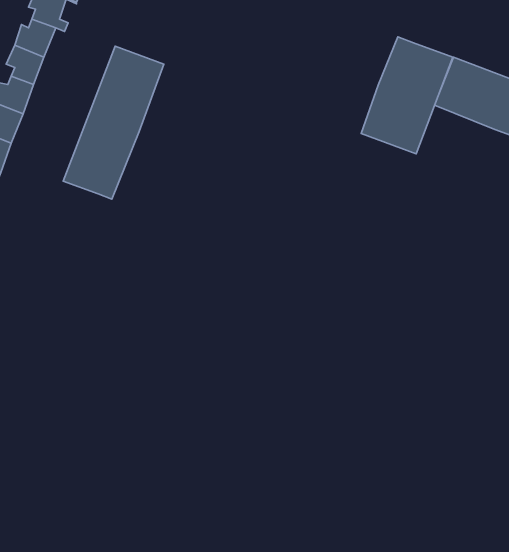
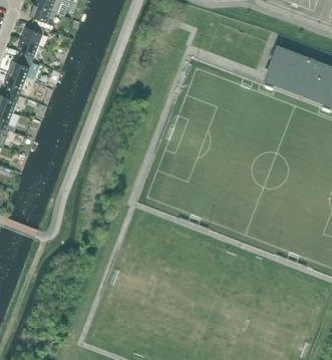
building: [361,37,453,154] -> none
building: [63,46,164,199] -> none

